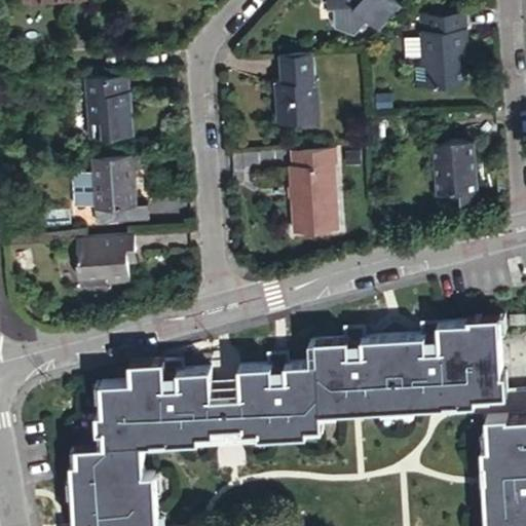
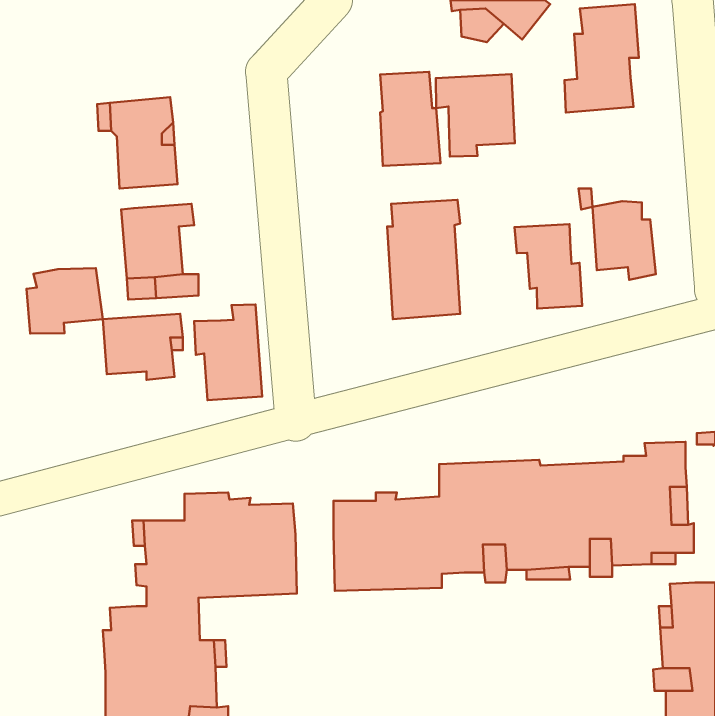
building: none -> [436,74,515,156]
building: none -> [514,224,582,308]
building: none -> [26,268,103,334]
building: none -> [194,305,262,400]
building: [216,391,245,436] -> none

